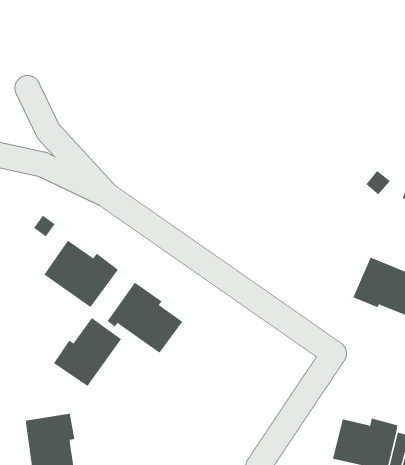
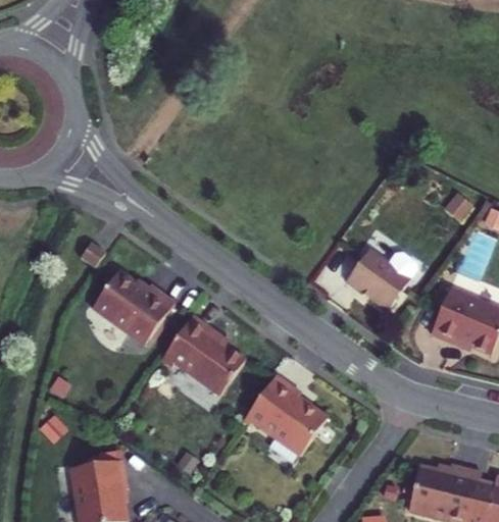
building: none -> [346,248,418,310]
building: [53,317,122,387] -> none
building: none -> [243,375,327,455]

